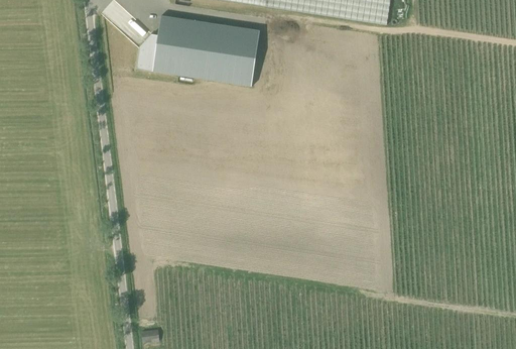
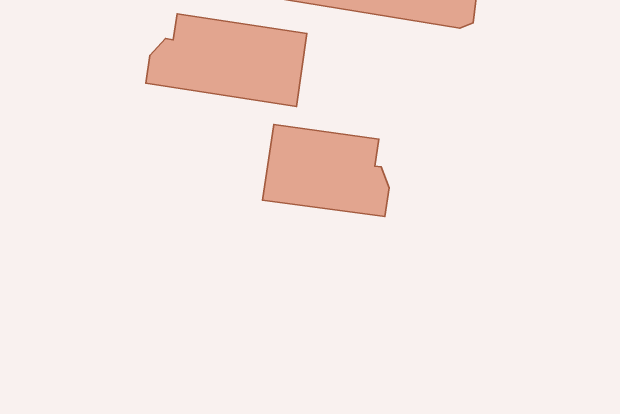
building: none -> [263,124,389,216]

